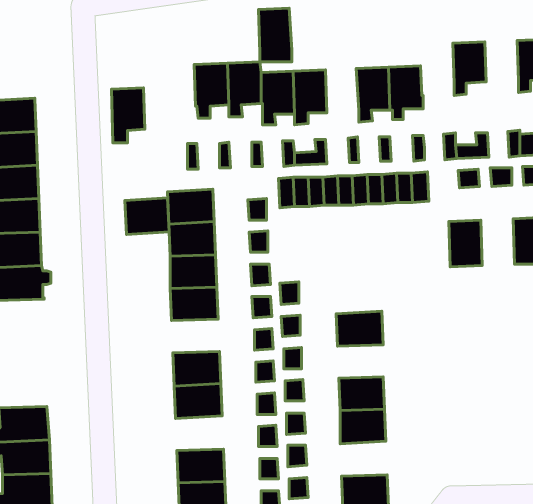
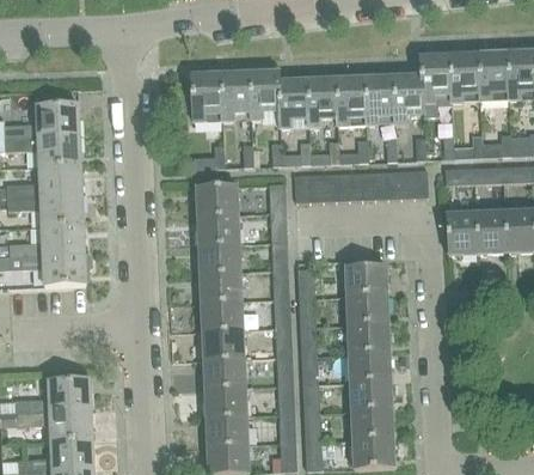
building: [258,8,292,62] -> [337,77,367,124]
building: none -> [479,51,509,99]
building: none -> [422,54,452,115]
building: [111,88,145,143] -> [191,73,221,122]
building: [125,198,169,234] -> none
building: none -> [475,211,505,252]
building: none -> [345,264,387,296]
building: none -> [200,300,243,330]
building: none -> [348,323,388,353]
building: none -> [203,386,246,418]
building: none -> [350,409,392,440]

